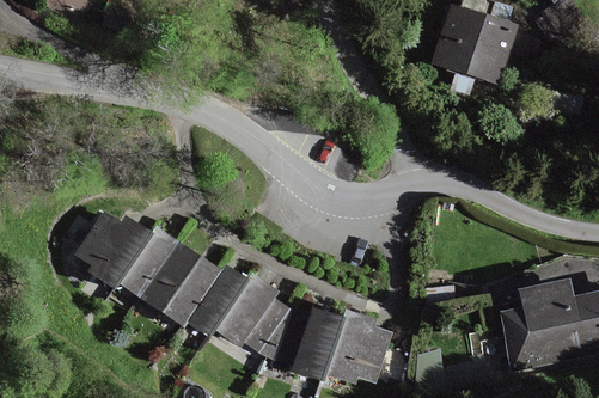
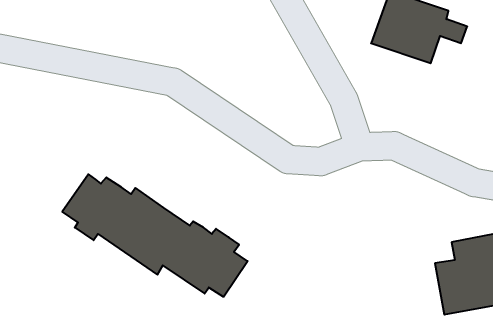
building: [259,310,386,386] -> none

